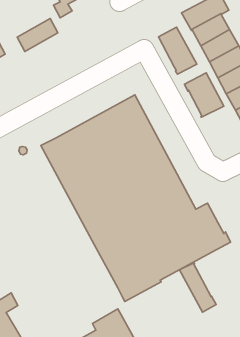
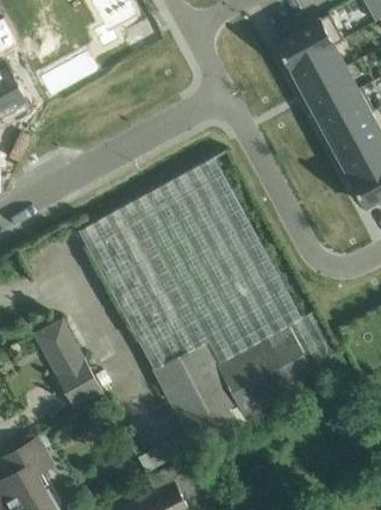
building: [159,27,197,74] -> none
building: [185,73,224,117] -> none
building: none -> [32,317,104,409]
building: [179,263,216,312] -> none

